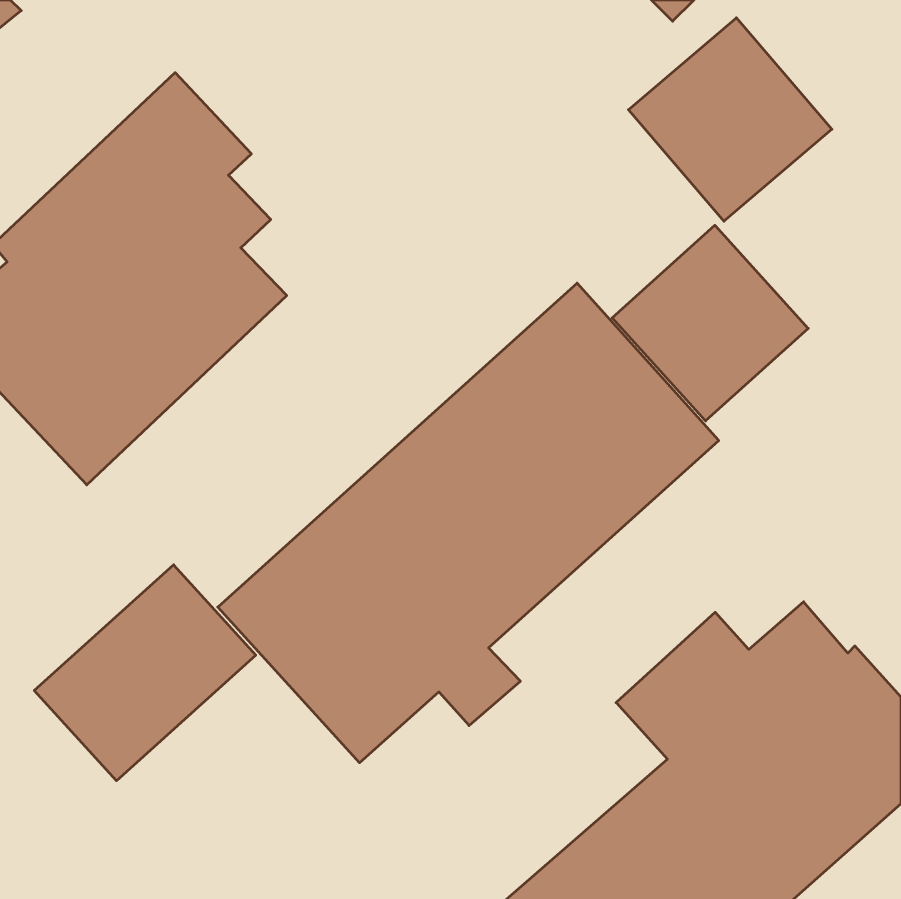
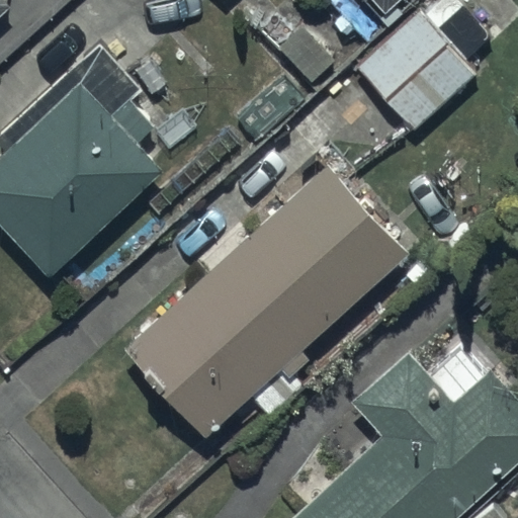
building: [612,225,808,421] -> none
building: [34,565,256,781] -> none

